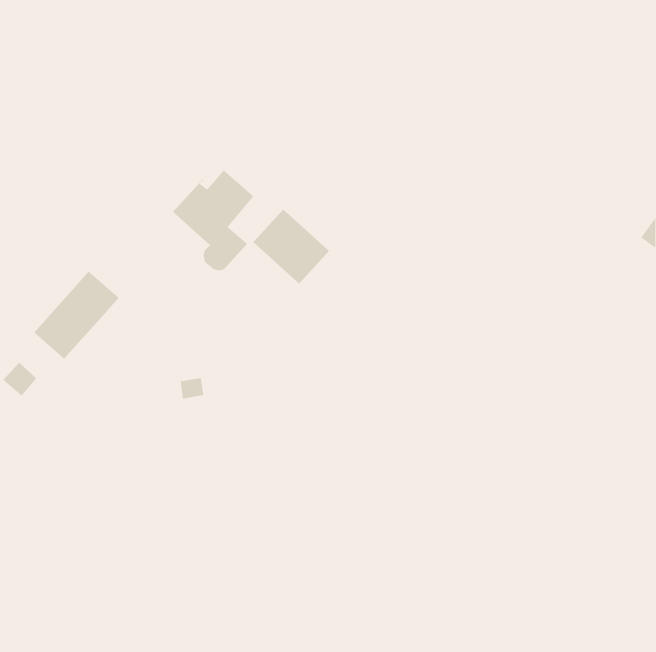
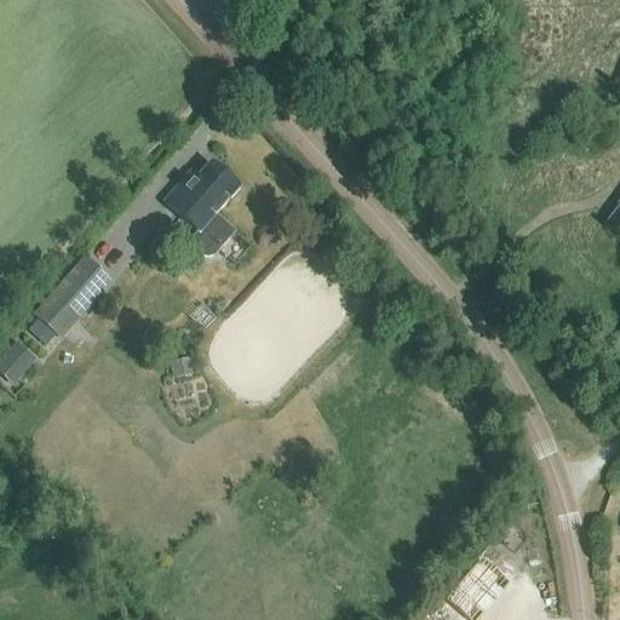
building: [252,209,330,284] -> none

